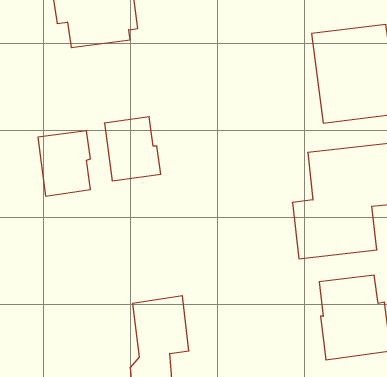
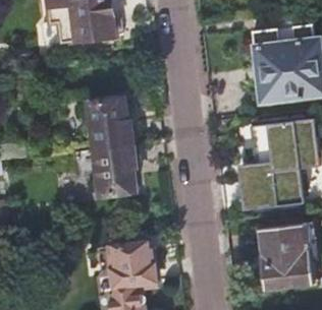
building: [38,131,90,196] -> [93,144,135,196]

